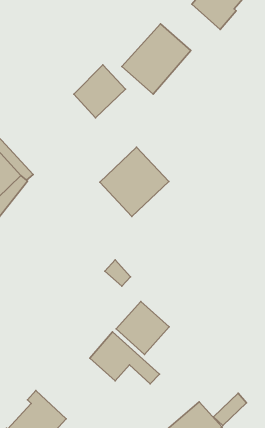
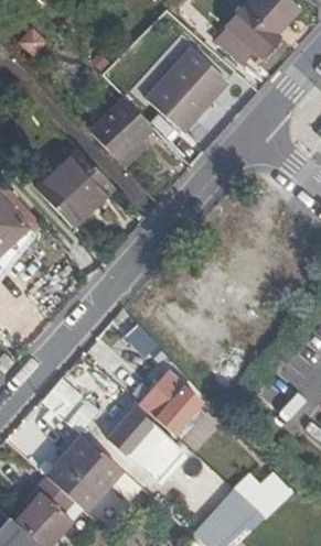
building: [100,147,169,216] -> [34,148,115,228]
building: none -> [46,435,121,512]

